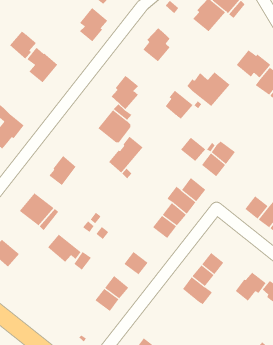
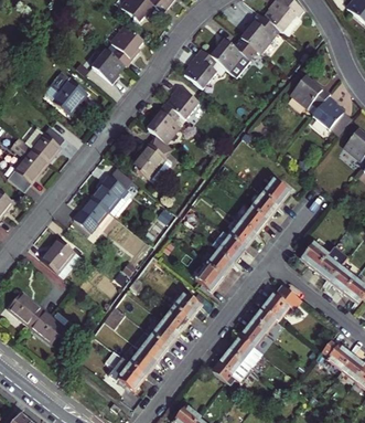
building: [9,31,37,60] -> [92,50,124,83]
building: [186,71,231,107] -> [208,39,259,80]
building: [165,90,194,120] -> [165,86,198,120]
building: none -> [24,127,63,161]
building: [108,136,144,173] -> [92,166,132,209]
building: [180,137,206,162] -> [238,207,268,235]
building: [47,234,82,263] -> [29,309,68,342]
building: none -> [172,290,202,319]
building: none -> [144,319,179,348]
building: [235,272,266,301] -> [261,285,298,319]
building: none -> [212,349,253,385]
building: none -> [109,358,146,390]

